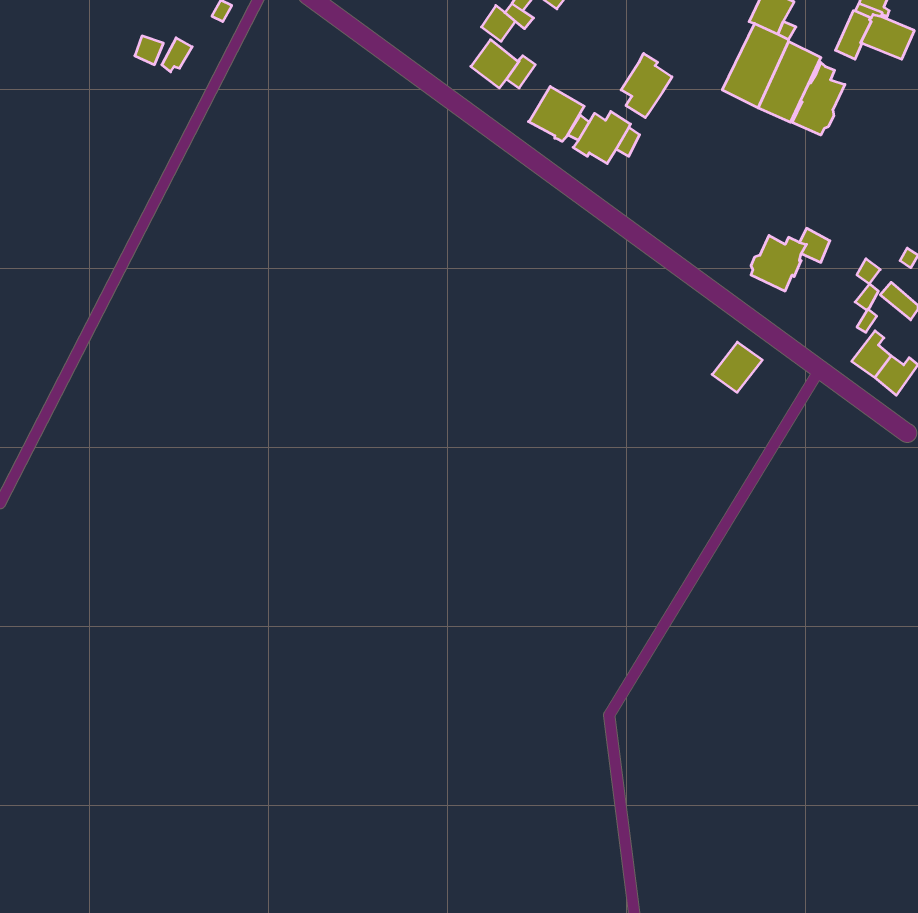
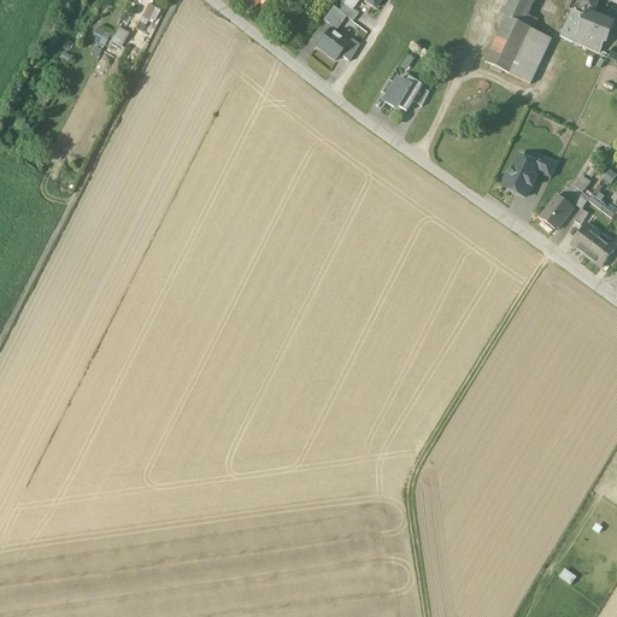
building: [621,53,672,118] -> none
building: [792,62,845,135] -> none
building: [528,86,584,141] -> none
building: [712,342,762,392] -> [540,194,574,228]

